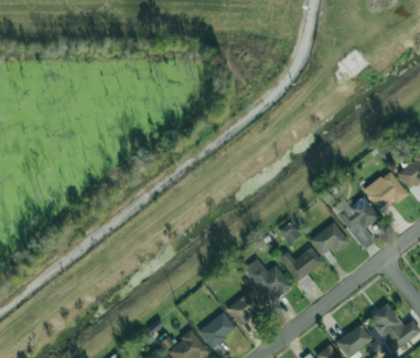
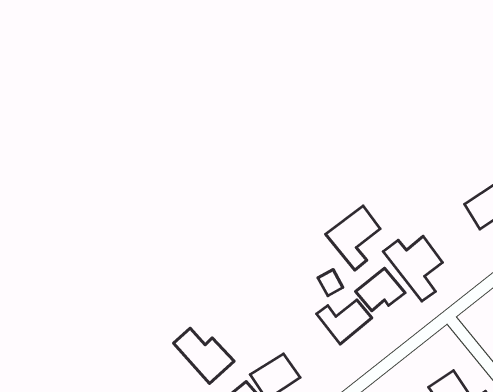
building: [364,171,408,210] -> none
building: none -> [326,206,380,270]
building: [244,259,292,303] -> [173,328,234,383]

